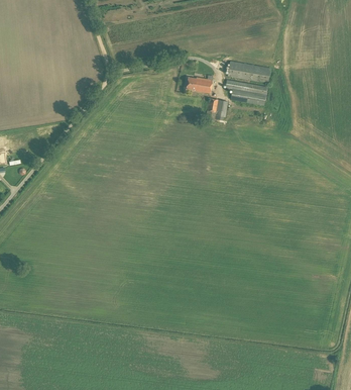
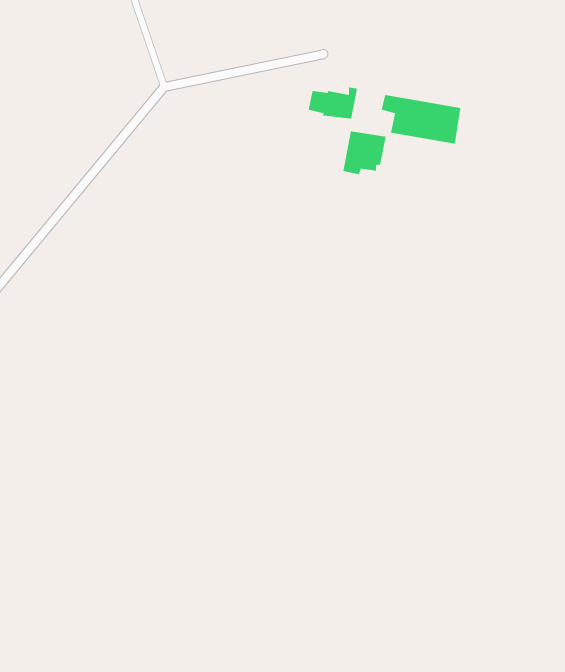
building: [227,61,270,83] -> none

